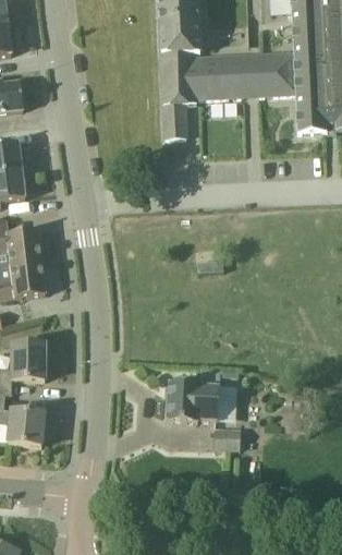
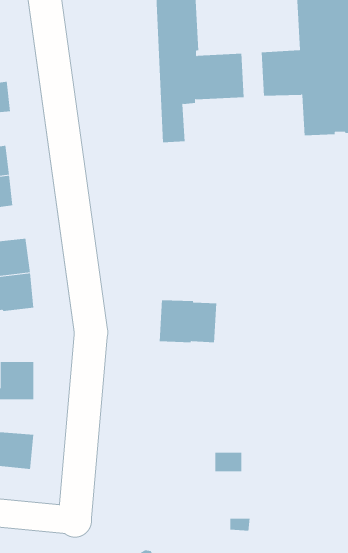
building: [167,381,221,421] -> [159,300,217,343]

